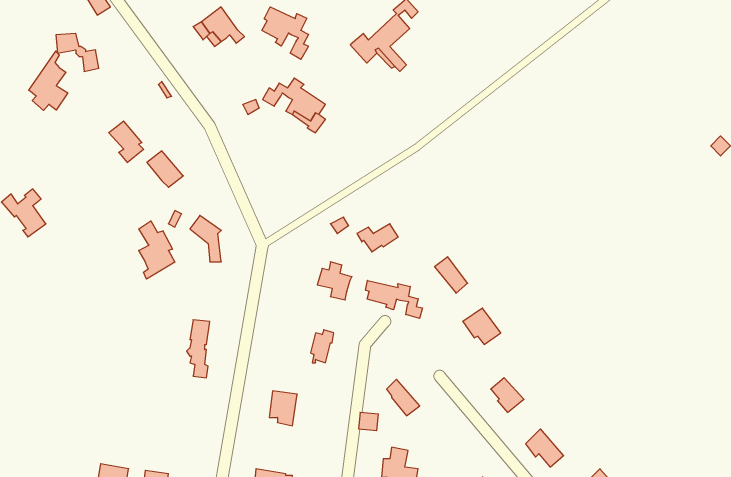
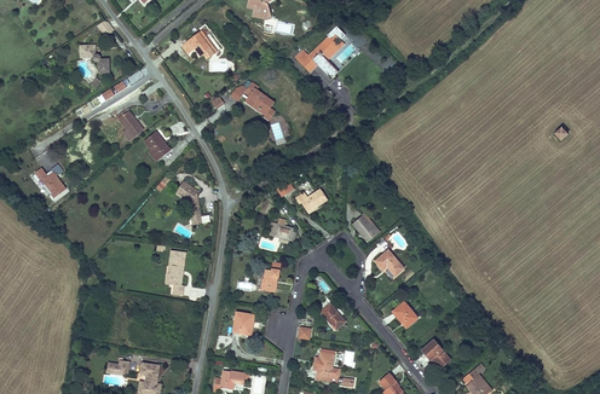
building: [262,7,309,59] -> none
building: [29,51,68,110] -> none
building: [139,221,175,279] -> none
building: [366,280,422,318] -> none

